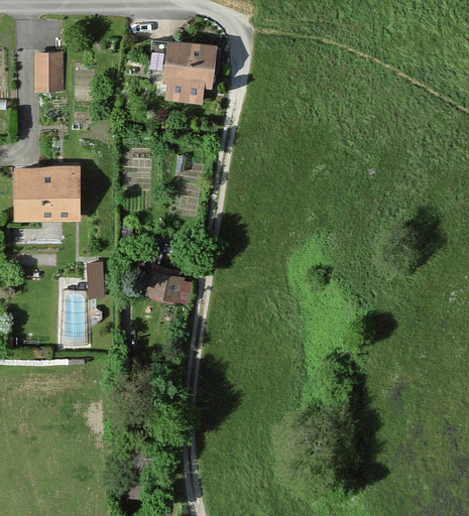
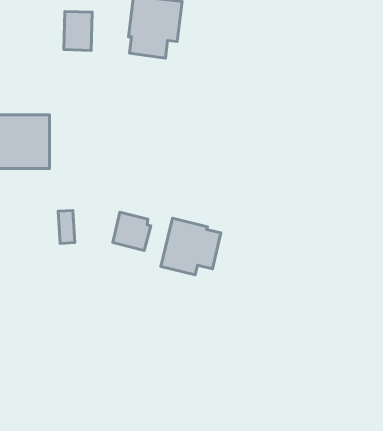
building: [34,52,64,93] -> [64,11,92,50]
building: none -> [161,218,221,275]

